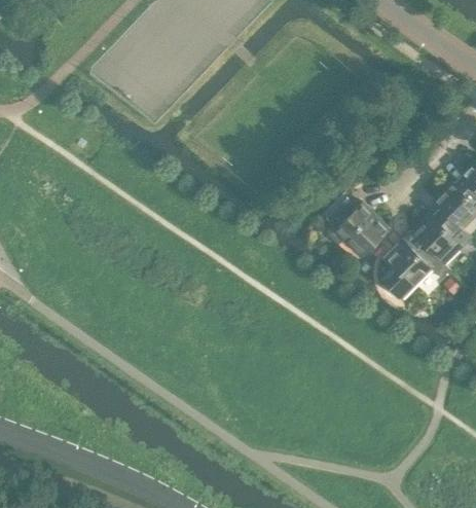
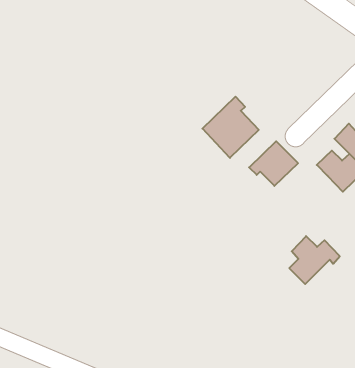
building: none -> [202,97,259,158]
building: [382,240,444,298] -> [289,236,340,284]

